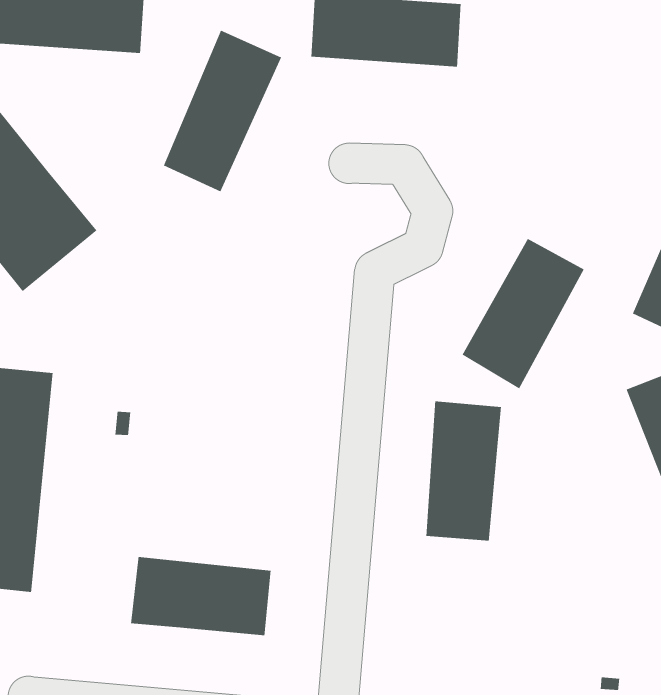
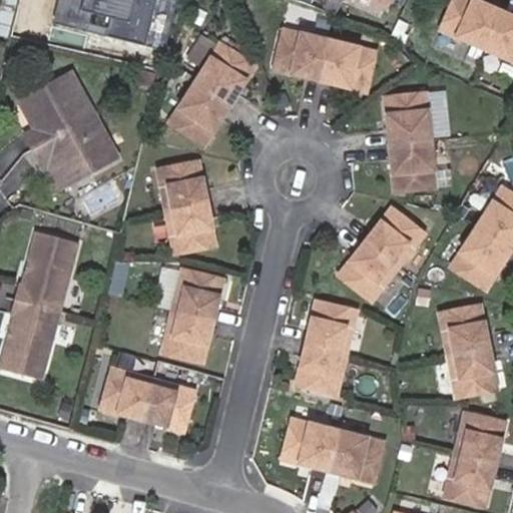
building: none -> [384,92,436,190]
building: none -> [157,160,215,253]
building: none -> [161,268,223,363]
building: none -> [282,417,385,482]

